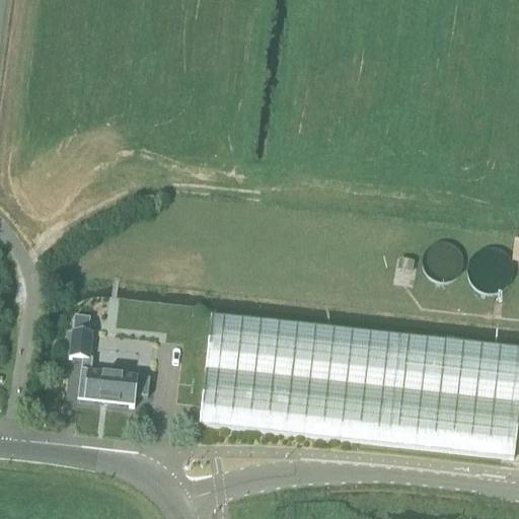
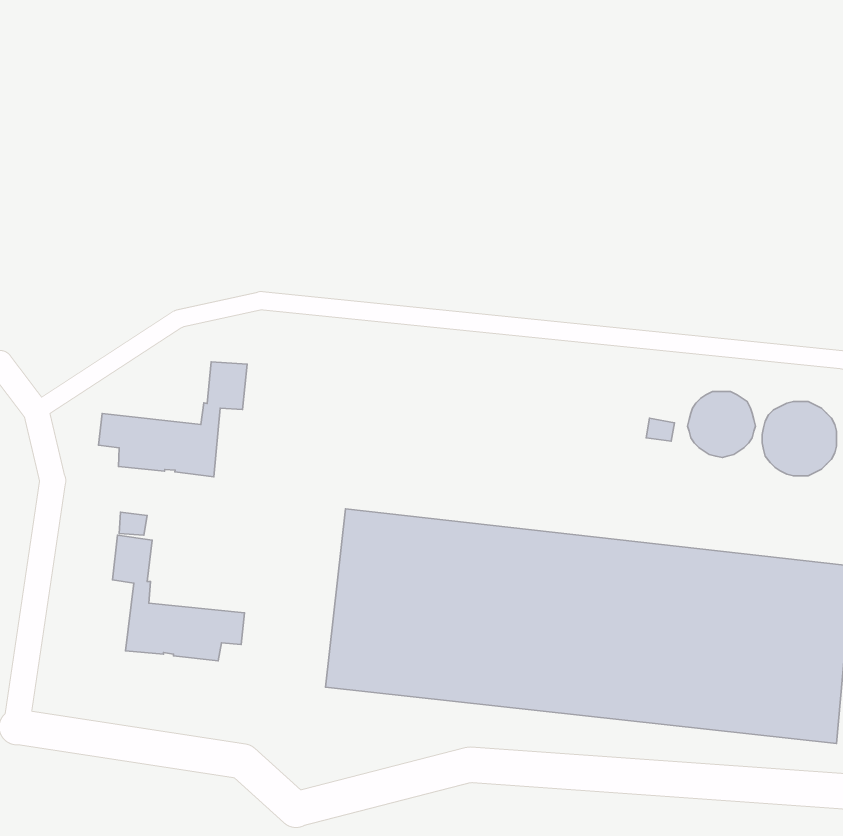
building: none -> [99,362,247,477]

